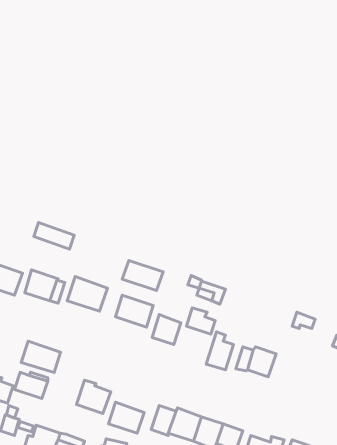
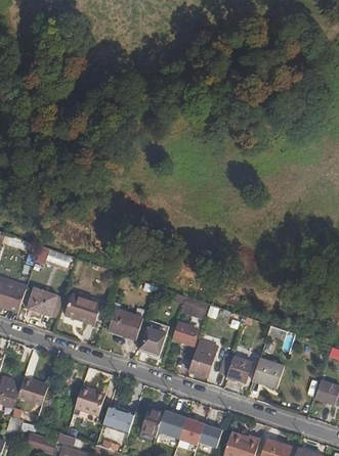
building: [122,260,163,290] -> none
building: [21,341,61,372] -> none
building: none -> [253,358,284,386]

